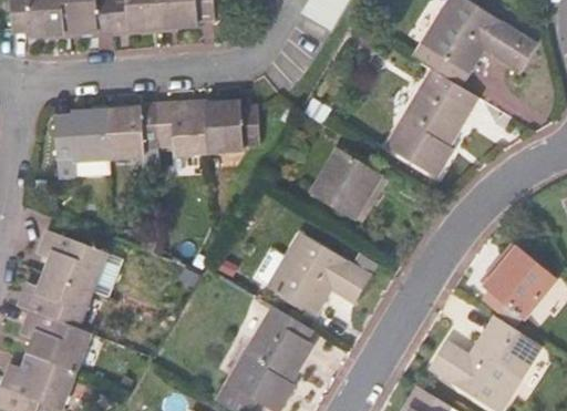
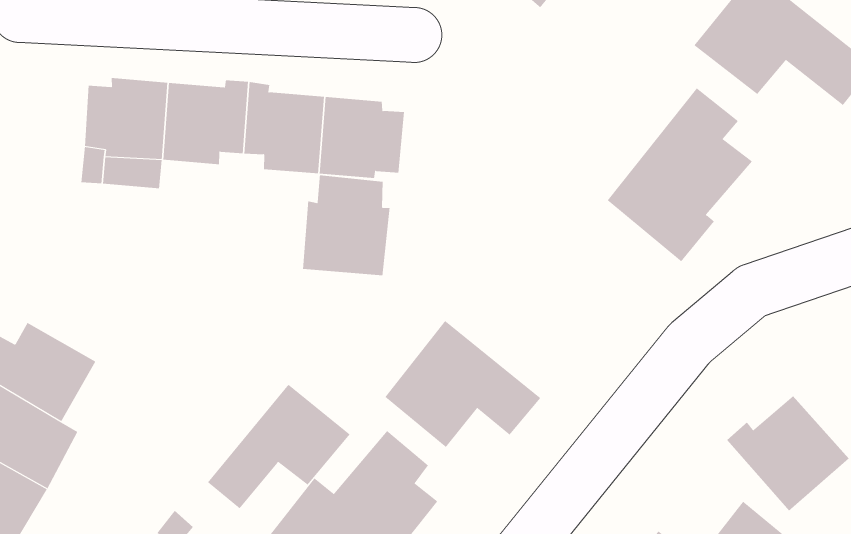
building: [313,148,388,216] -> none
building: none -> [302,174,390,276]
building: [39,230,106,289] -> none
building: none -> [207,384,351,509]

